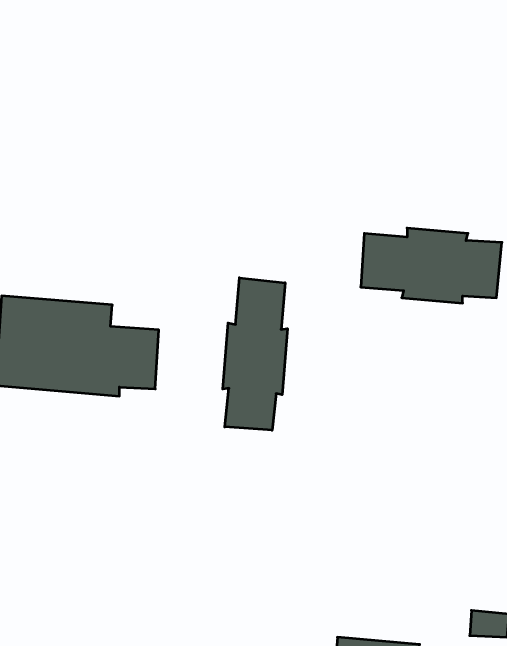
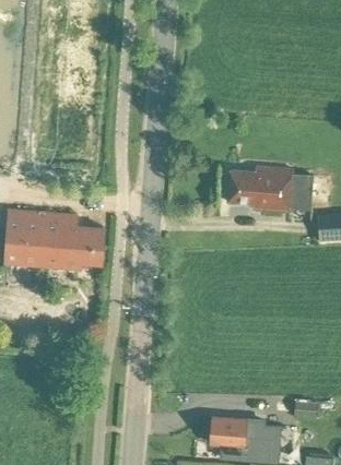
building: [223,278,287,430] -> none

